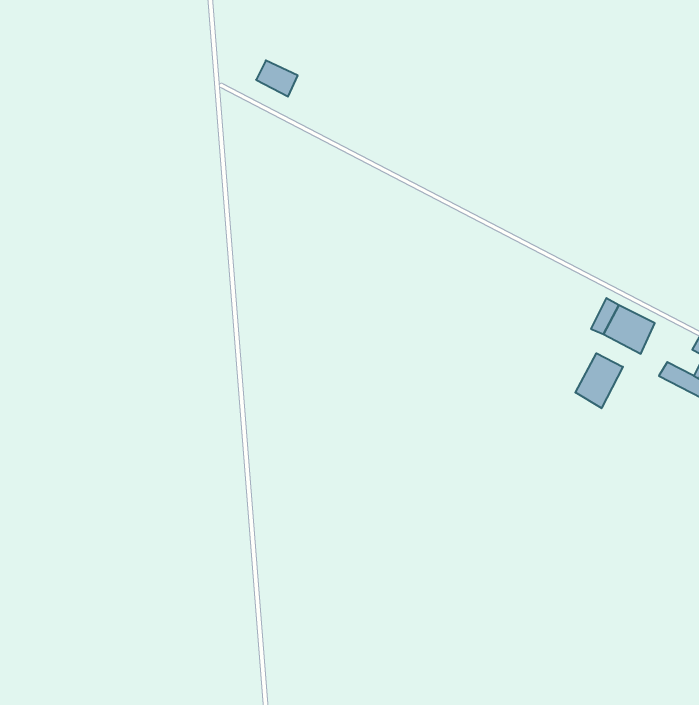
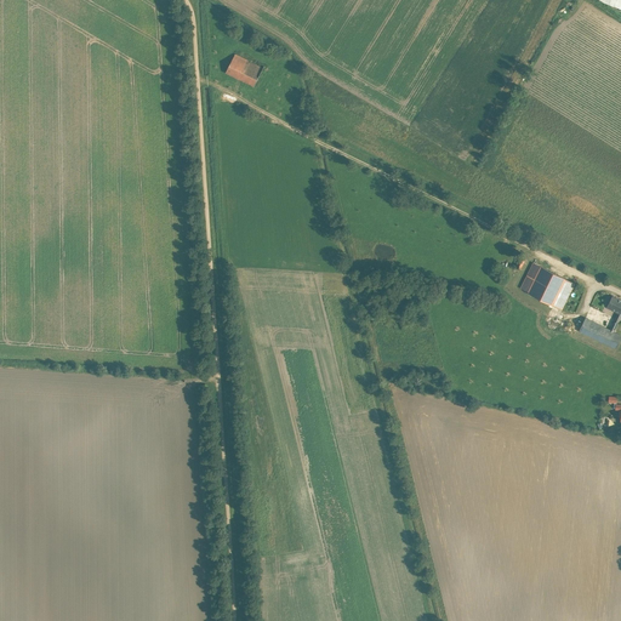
building: [575,353,623,408] -> none

